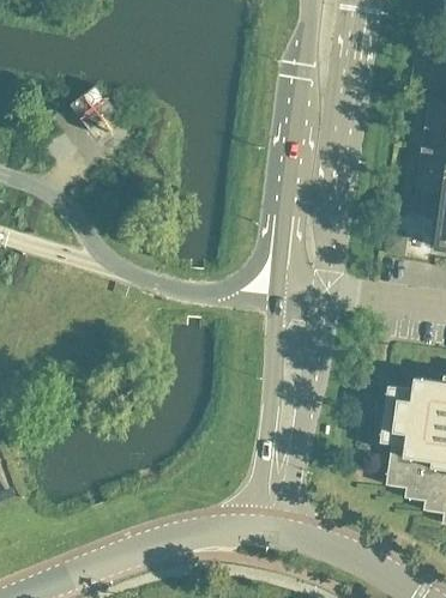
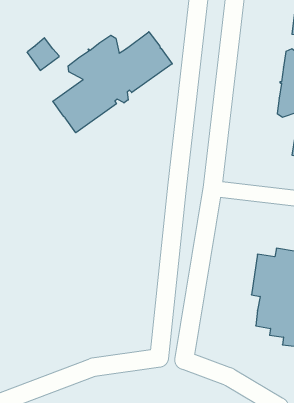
building: none -> [53,32,172,133]

